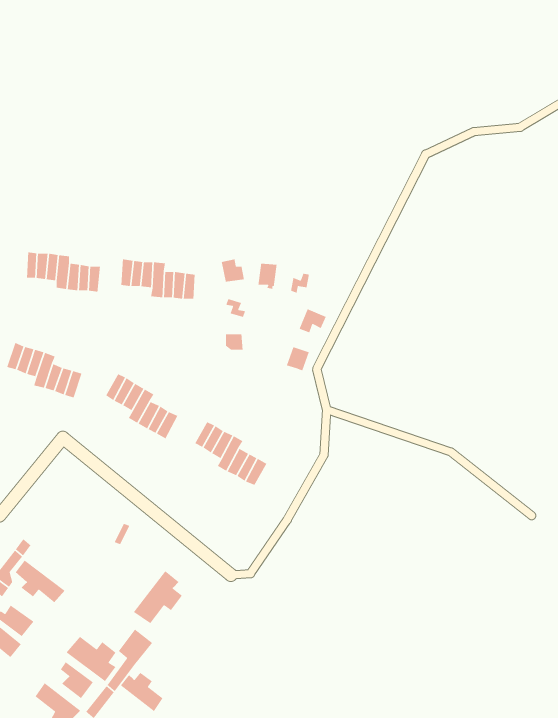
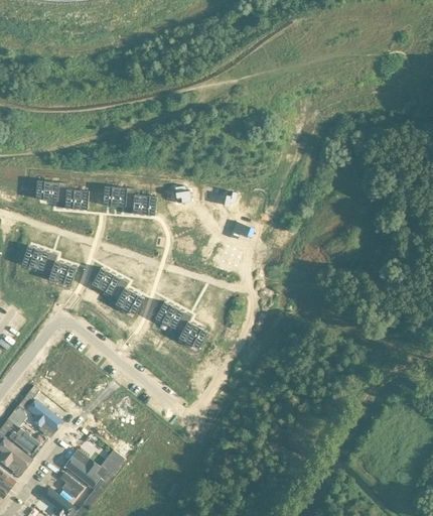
building: [133,570,183,624] -> none
building: [120,672,164,712] -> none

